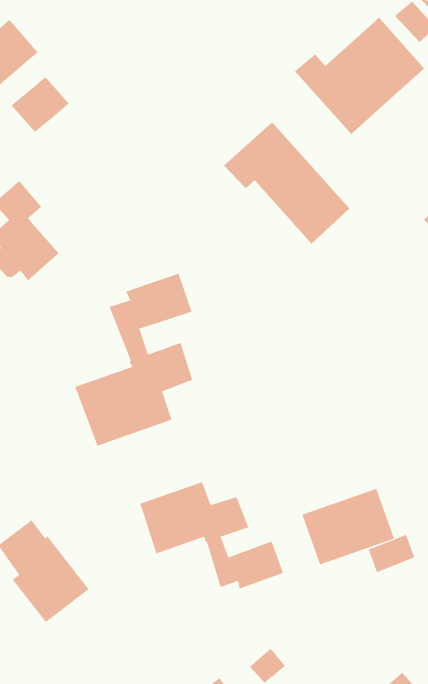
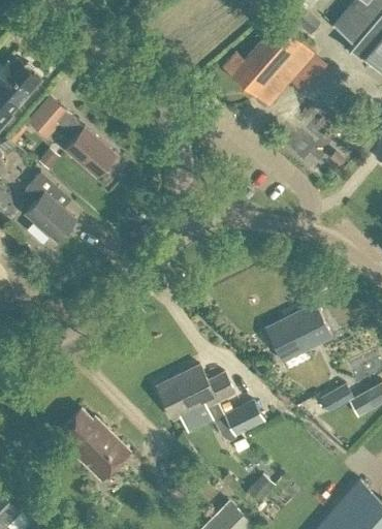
building: none -> [59,113,117,177]
building: [223,122,350,244] -> none
building: [75,273,193,446] -> none
building: [301,488,395,565] -> [265,302,333,362]

